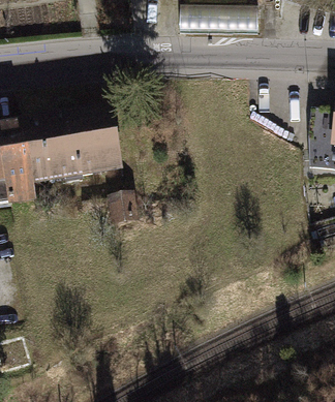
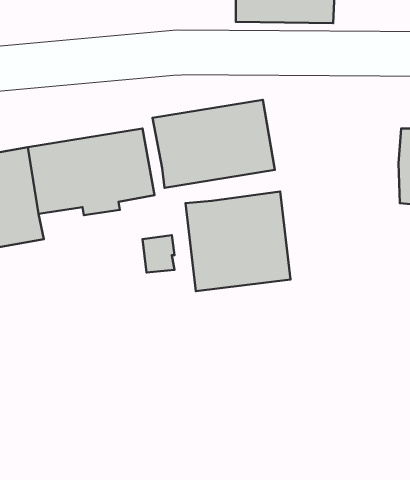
building: none -> [153,100,275,188]
building: none -> [185,192,291,291]

